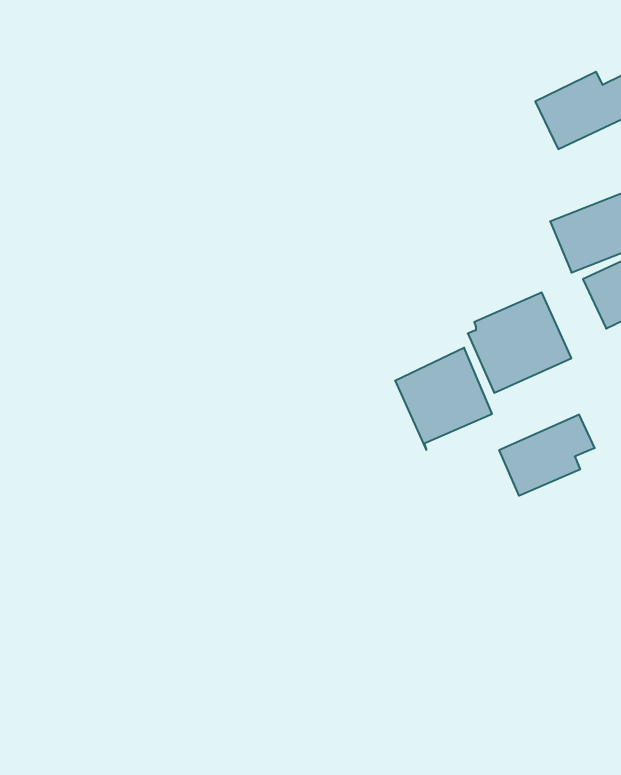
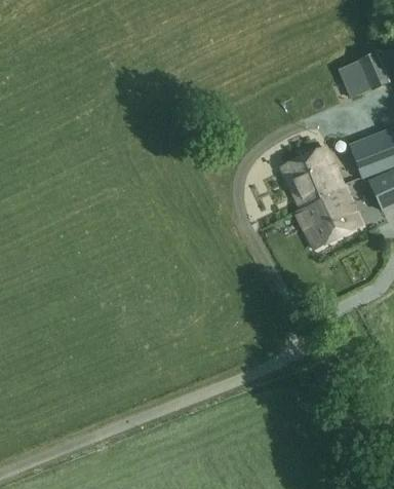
building: [395,348,492,450] -> [281,146,342,210]
building: [499,414,595,496] -> none

